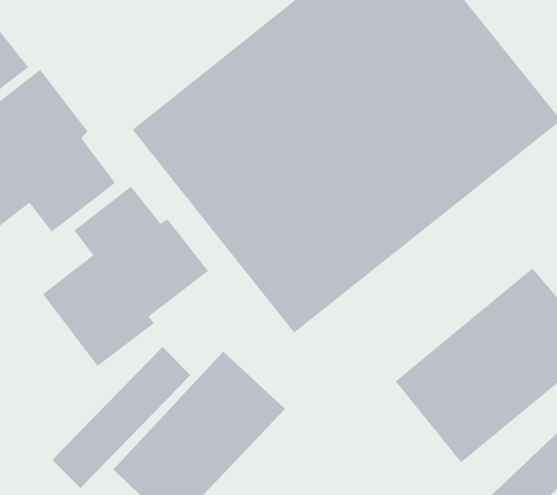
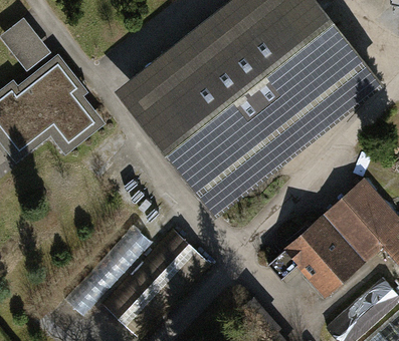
building: [42,186,209,367] -> none

